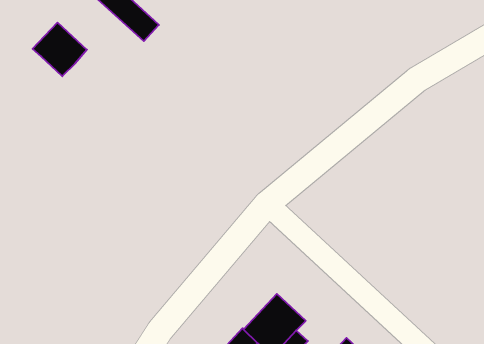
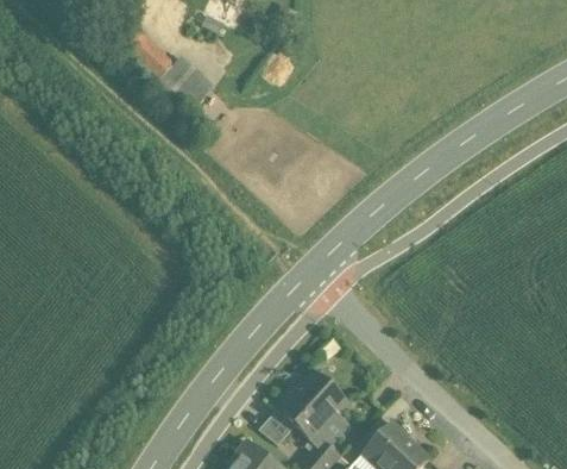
building: [33,23,87,76] -> none

